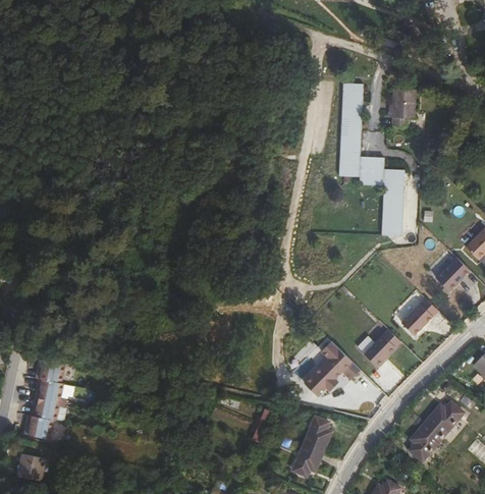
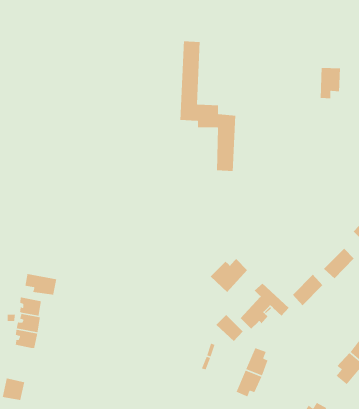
building: [339,80,406,234] -> [180,41,236,172]
building: none -> [210,258,248,293]
building: none -> [24,273,57,296]
building: none -> [215,314,244,342]
building: [25,413,55,436] -> none

